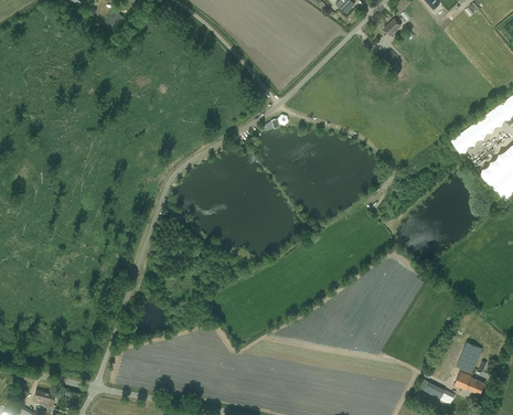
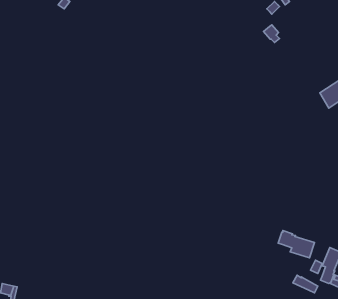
building: none -> [278,231,314,258]

